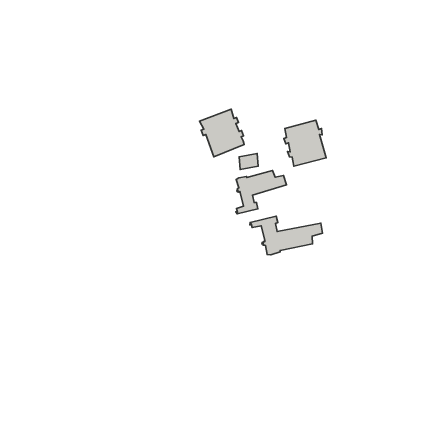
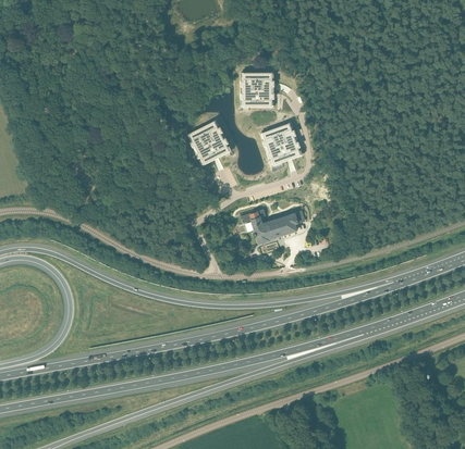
building: none -> [241,73,273,105]
building: [236,170,287,214] -> none

